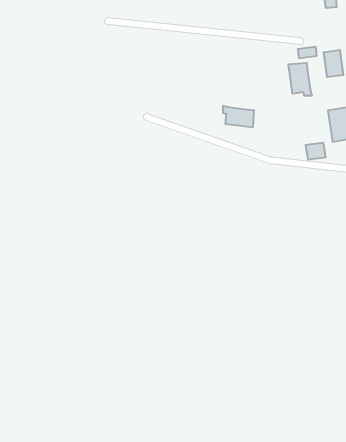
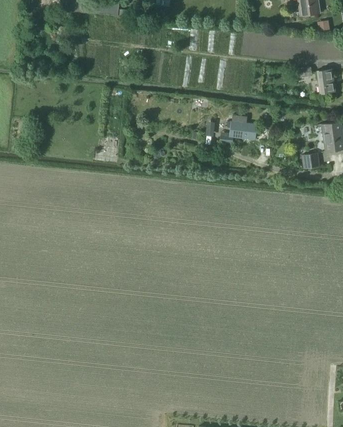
building: [288,63,312,96] -> none

